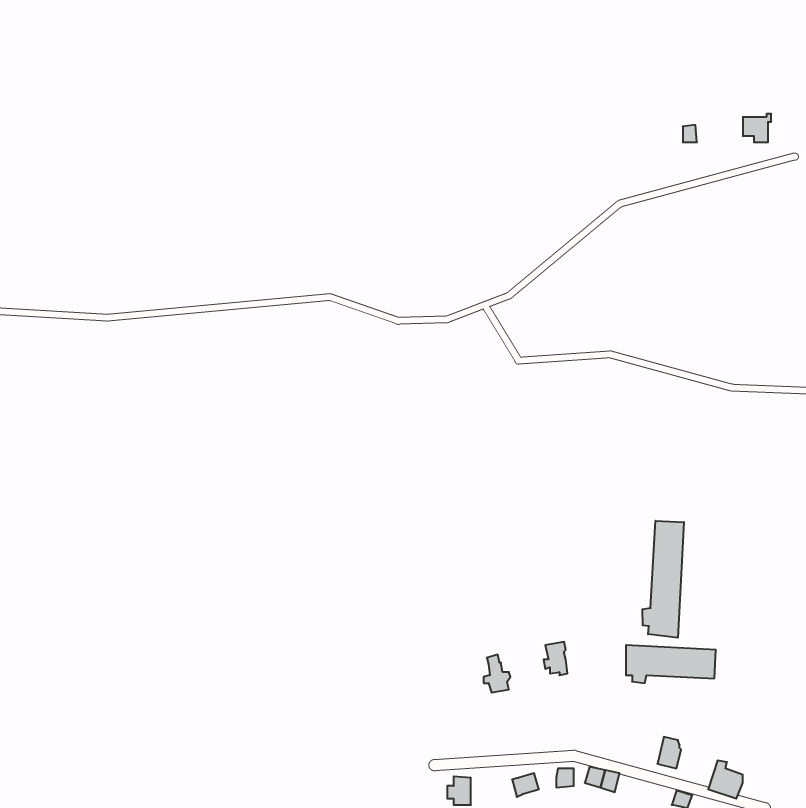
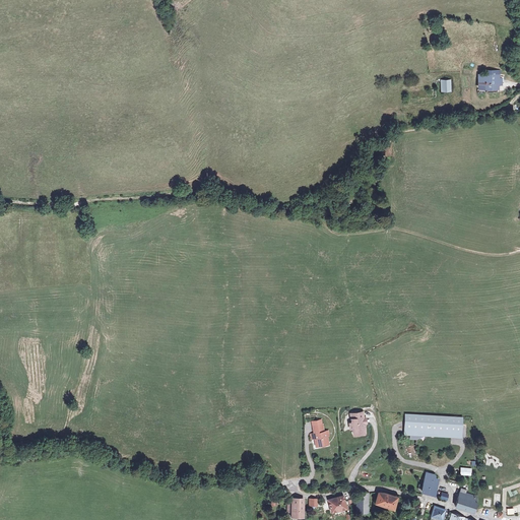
building: [643,521,684,638] -> none

